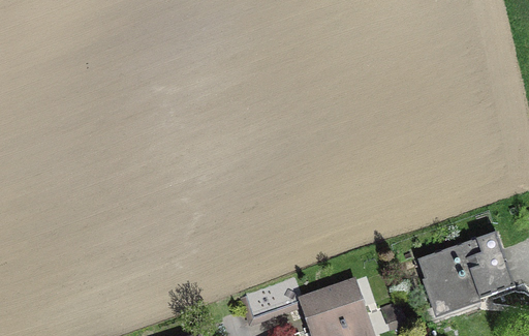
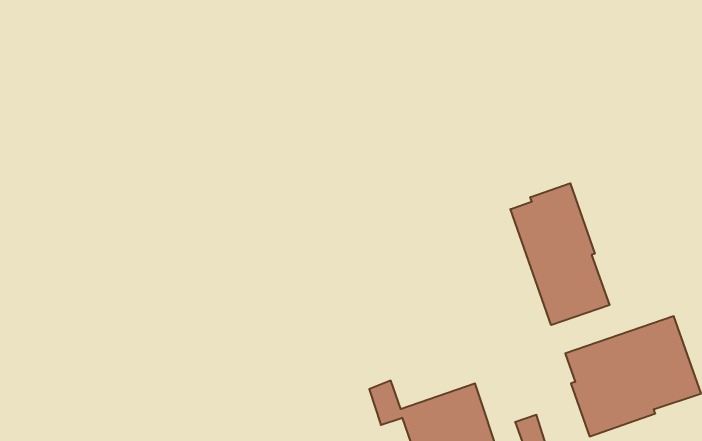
building: none -> [510,183,610,325]

